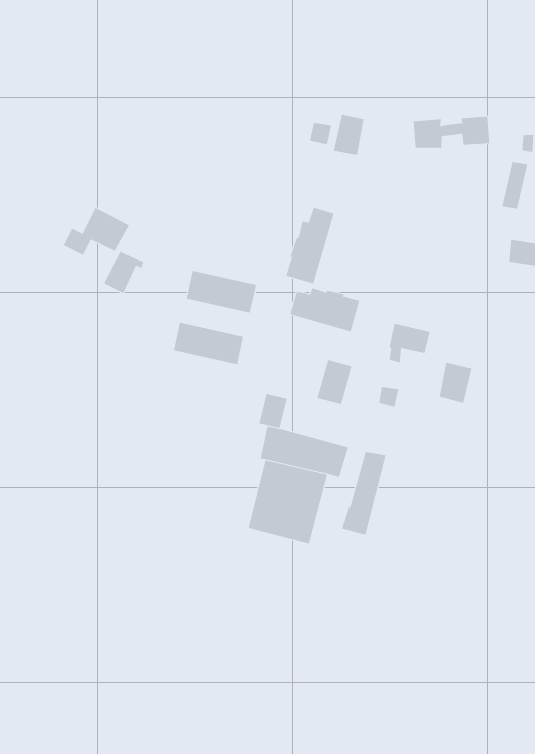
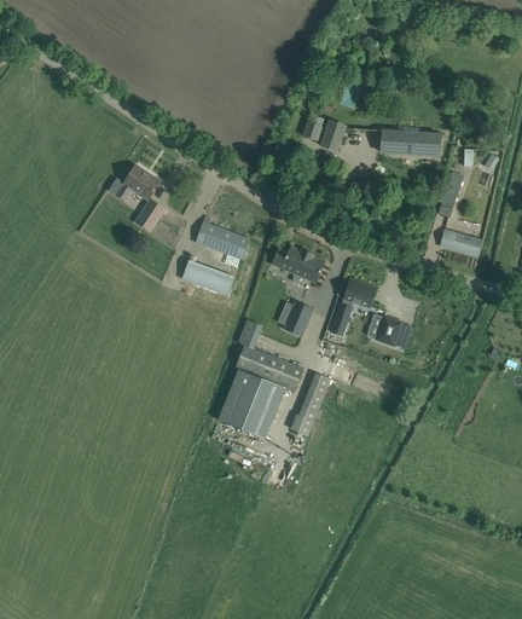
building: [286,207,334,285] -> none

